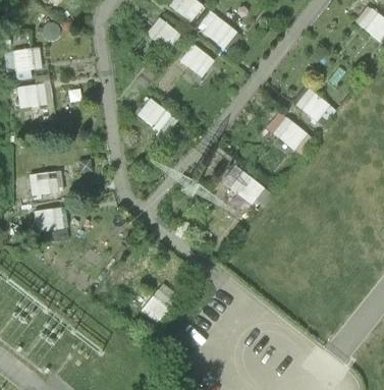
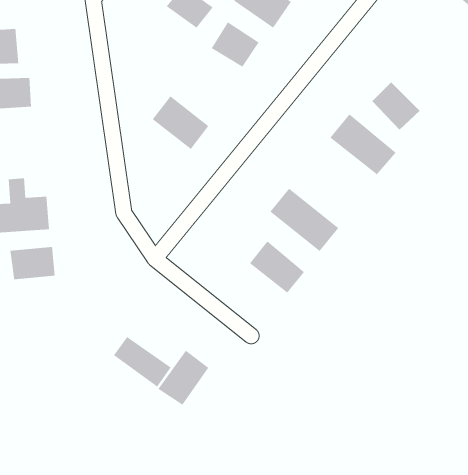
building: none -> [249,241,305,293]
building: none -> [113,336,171,388]

